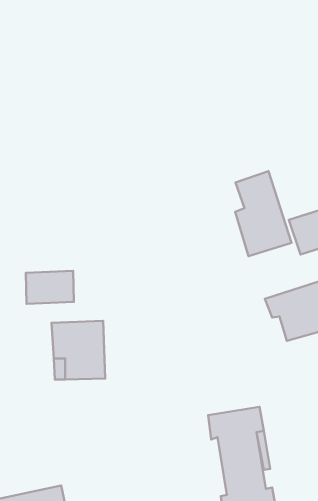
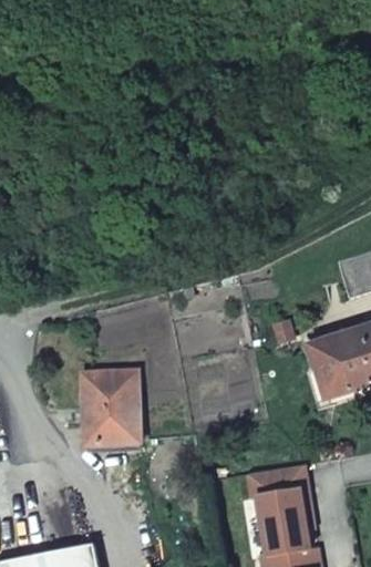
building: [235,171,291,256] -> none
building: [26,271,74,304] -> none

